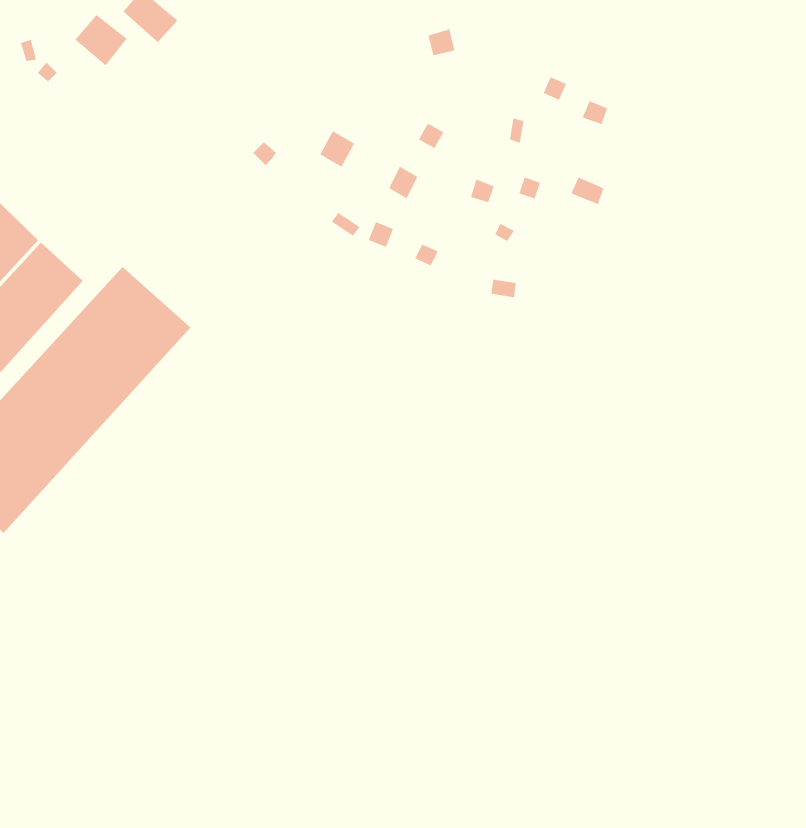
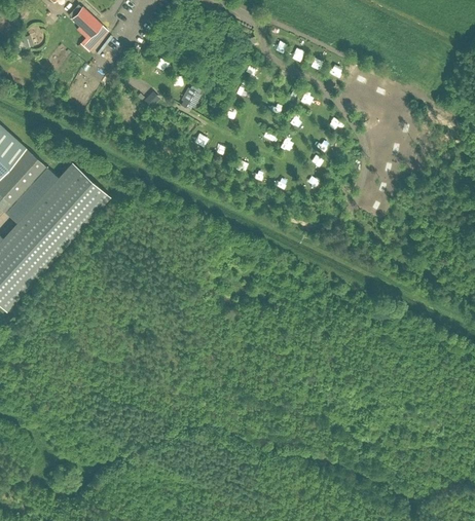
building: [75,14,128,66] -> none

